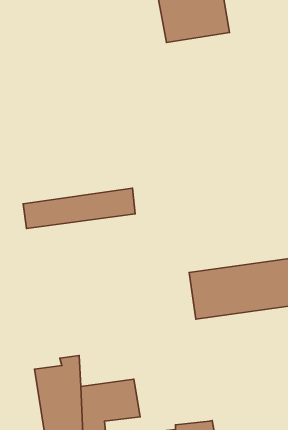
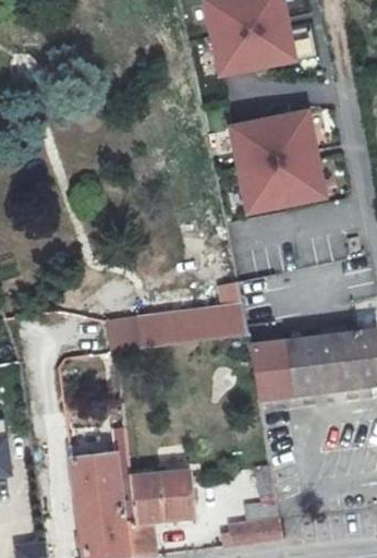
building: none -> [231,111,323,208]
building: [23,188,135,228] -> [111,303,245,351]

